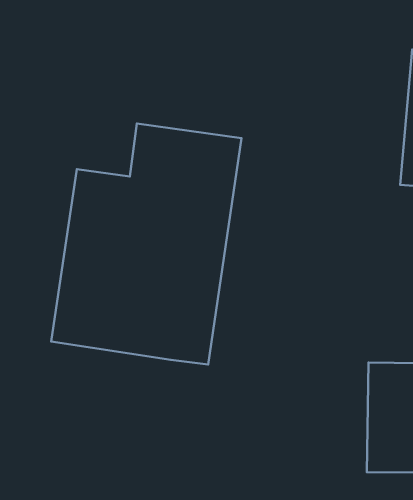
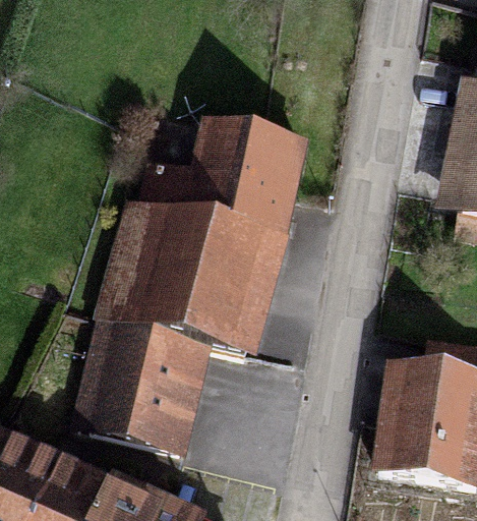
building: none -> [74,320,211,452]

